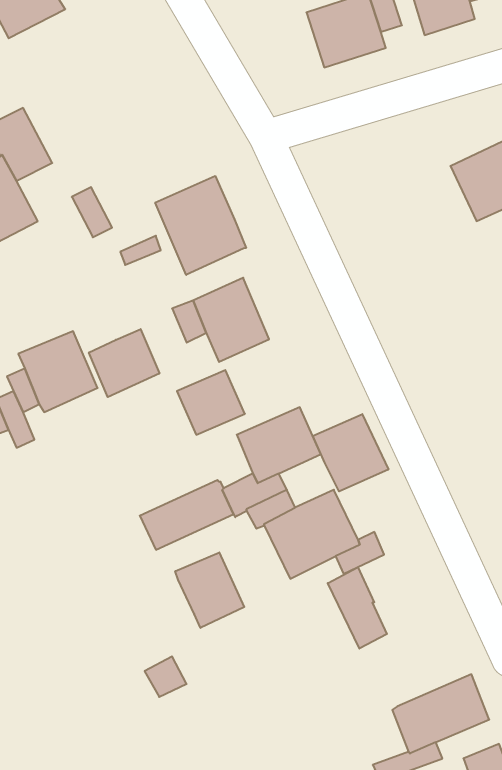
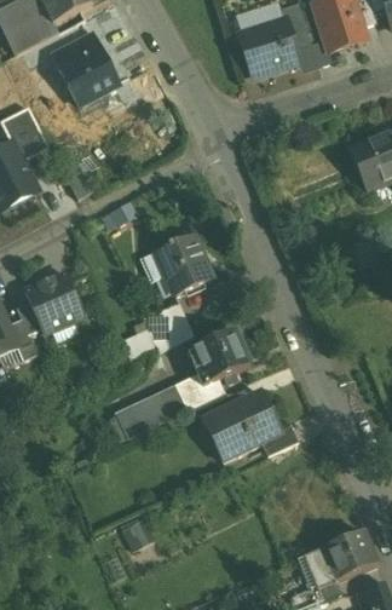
building: none -> [52,30,120,104]
building: [155,176,246,275] -> none
building: [89,329,159,397] -> none
building: [313,414,388,491] -> none
building: [175,552,244,628] -> none
building: [328,567,387,649] -> none

